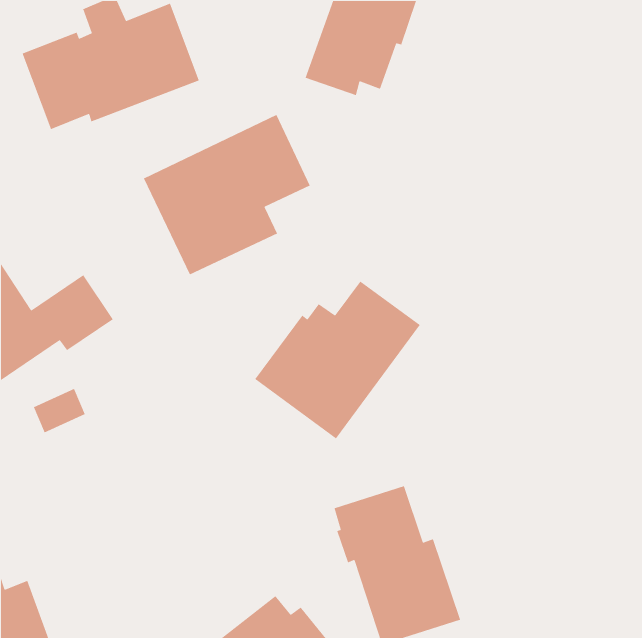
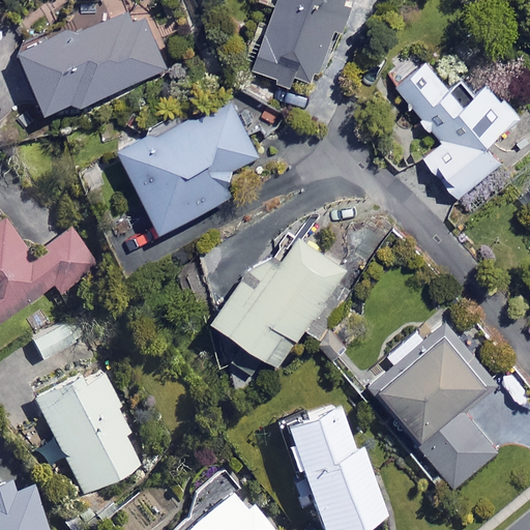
building: none -> [393,59,518,202]
building: none -> [374,327,498,491]
building: none -> [31,367,139,496]

